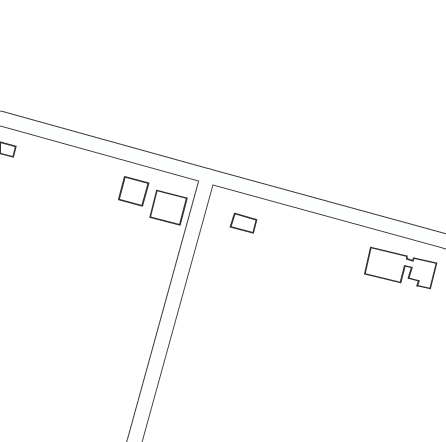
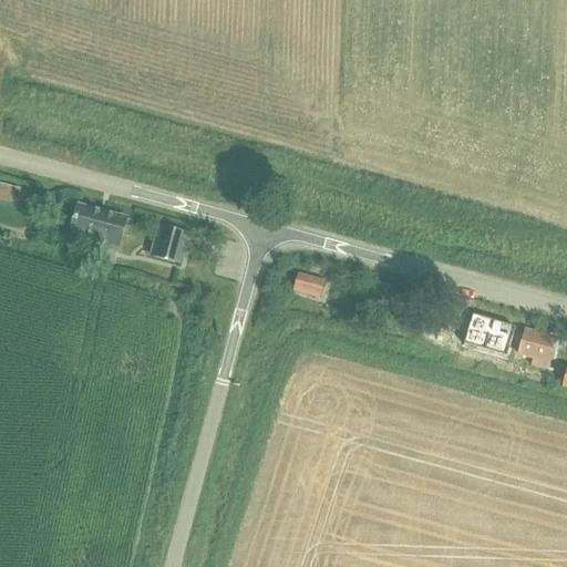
building: none -> [69,203,127,245]
building: [150,190,187,225] -> none

